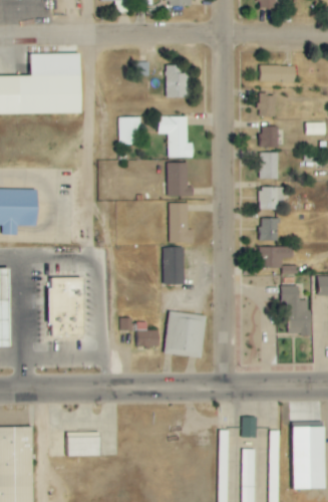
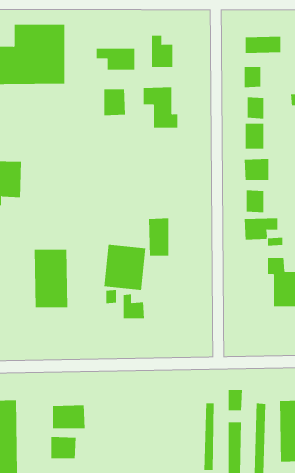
building: none -> [96,48,135,70]
building: [167,163,193,196] -> none
building: [169,203,194,243] -> none
building: [163,311,206,357] -> [104,244,146,291]
building: none -> [51,436,76,459]

